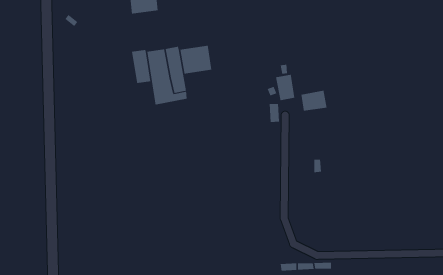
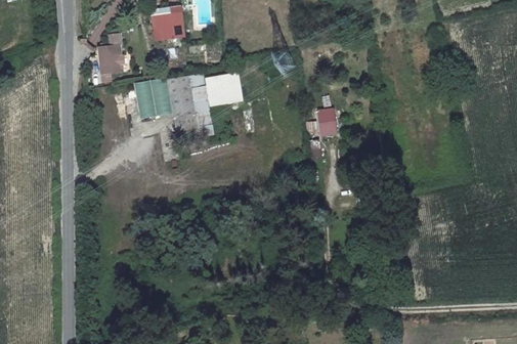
building: none -> [99,46,121,72]
building: none -> [136,81,159,120]
building: [301,90,327,112] -> none

